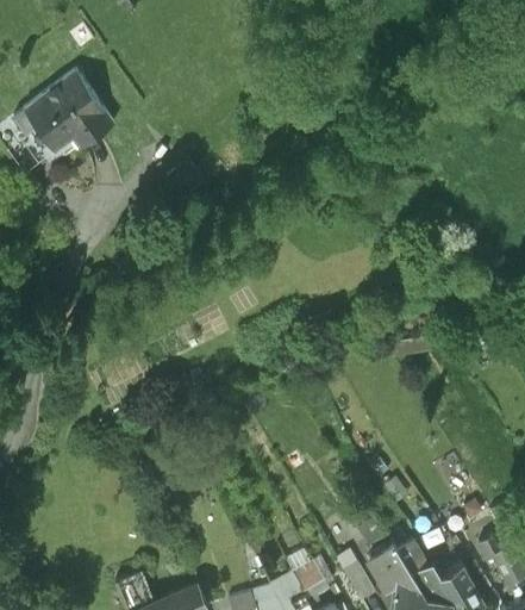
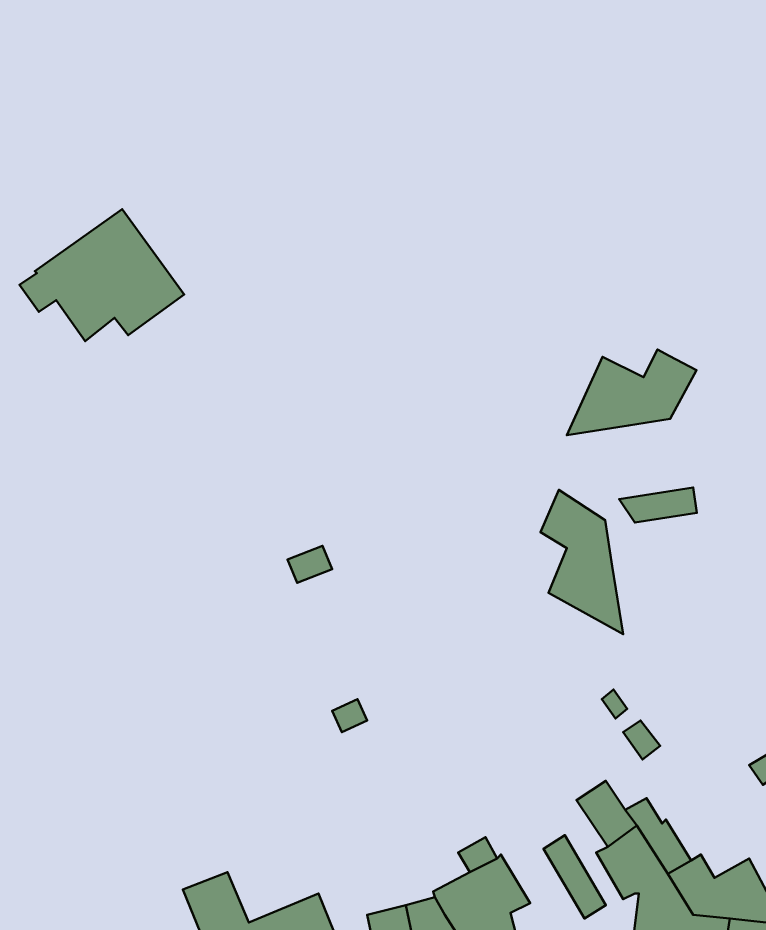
building: [13,70,114,151] -> [19,209,184,341]
building: none -> [567,350,696,435]
building: none -> [540,490,623,634]

